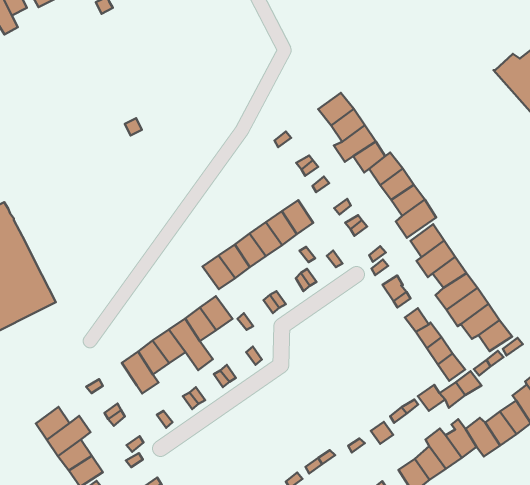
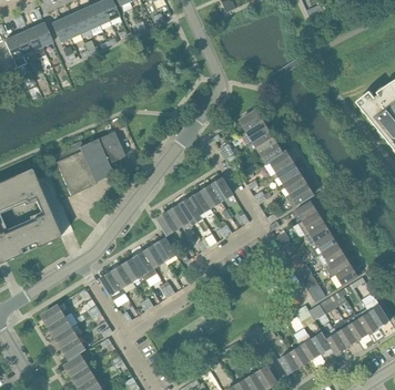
building: none -> [51,131,124,195]

